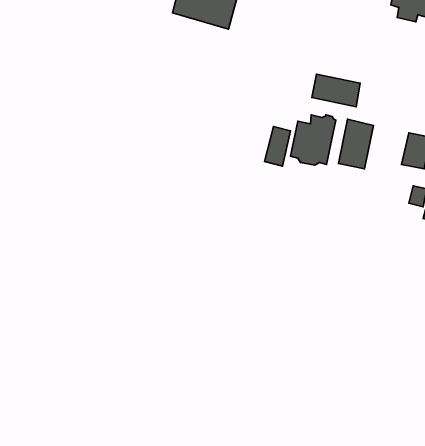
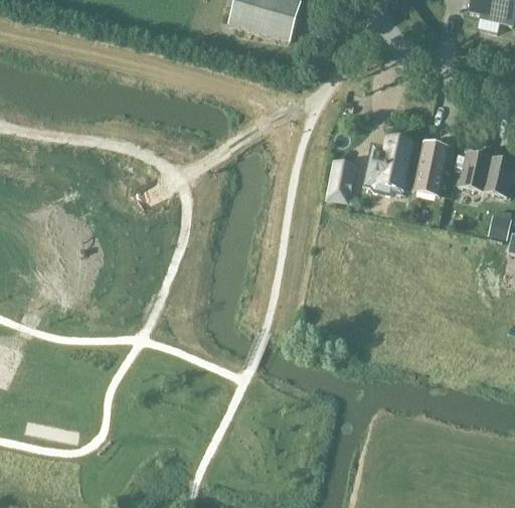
building: [312,74,360,107] -> none
building: none -> [459,149,492,190]

